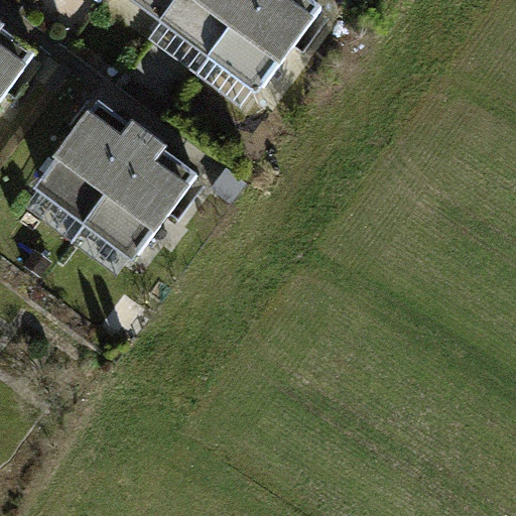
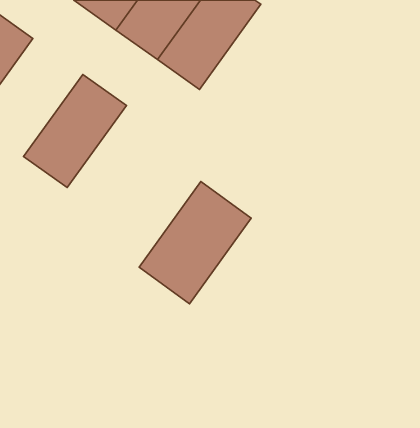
building: [81,127,205,264] -> none
building: none -> [139,181,251,304]

